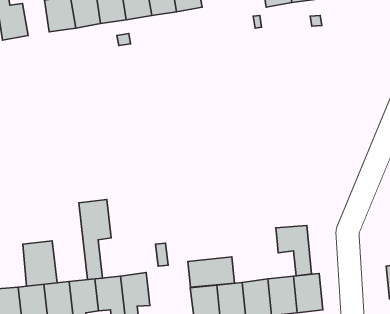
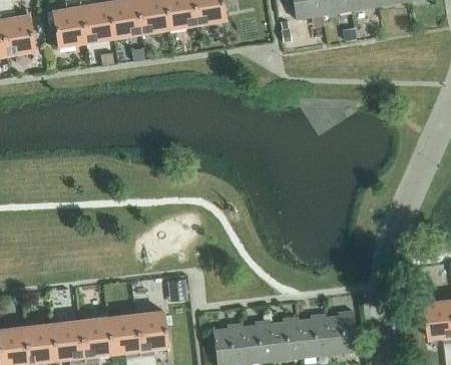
building: [79,199,111,279] -> none
building: [276,225,312,276] -> none
building: [23,241,57,286] -> none
building: [188,257,235,287] -> none

